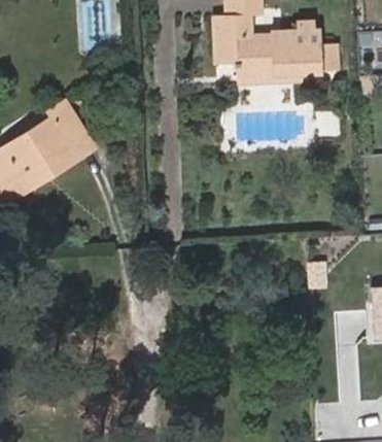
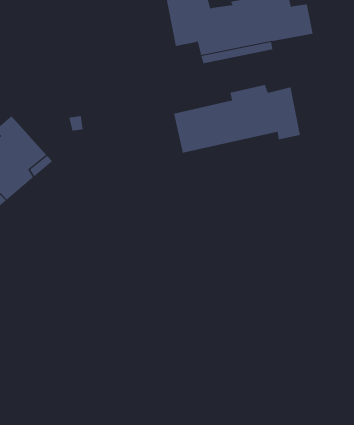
building: none -> [174,84,300,154]

